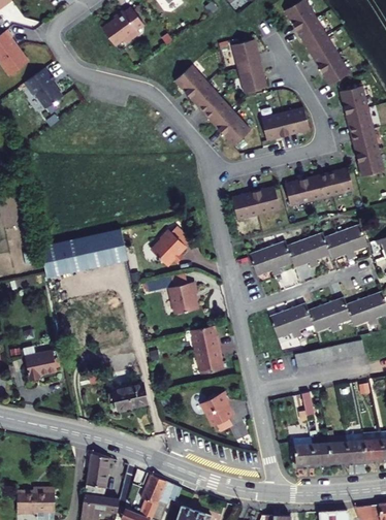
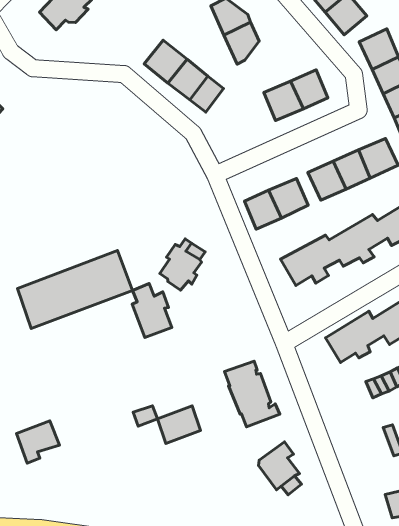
building: [214,118,247,151] -> none
building: [173,270,200,311] -> [132,283,172,337]
building: [117,381,148,405] -> [158,406,201,443]

